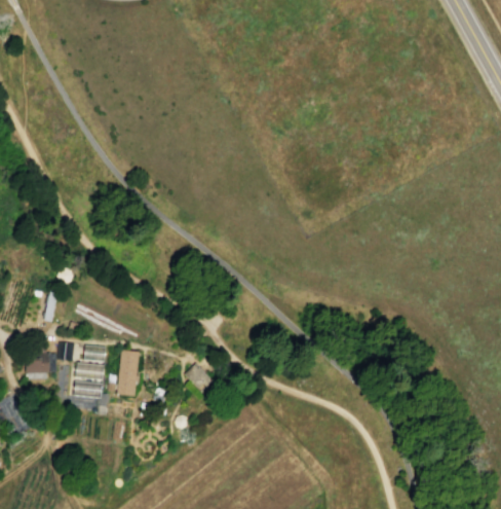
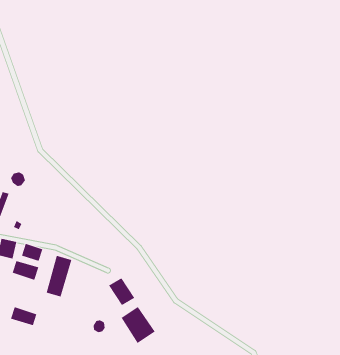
building: [72,381,101,399] -> [10,306,37,326]
building: none -> [121,306,155,344]

